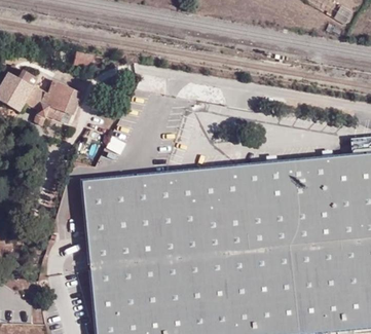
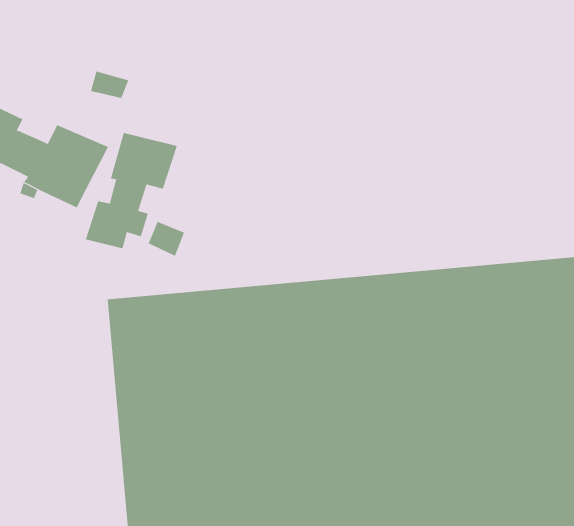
building: none -> [85,132,178,249]

